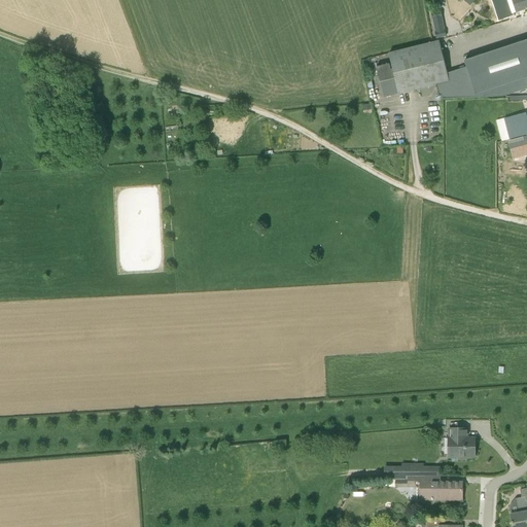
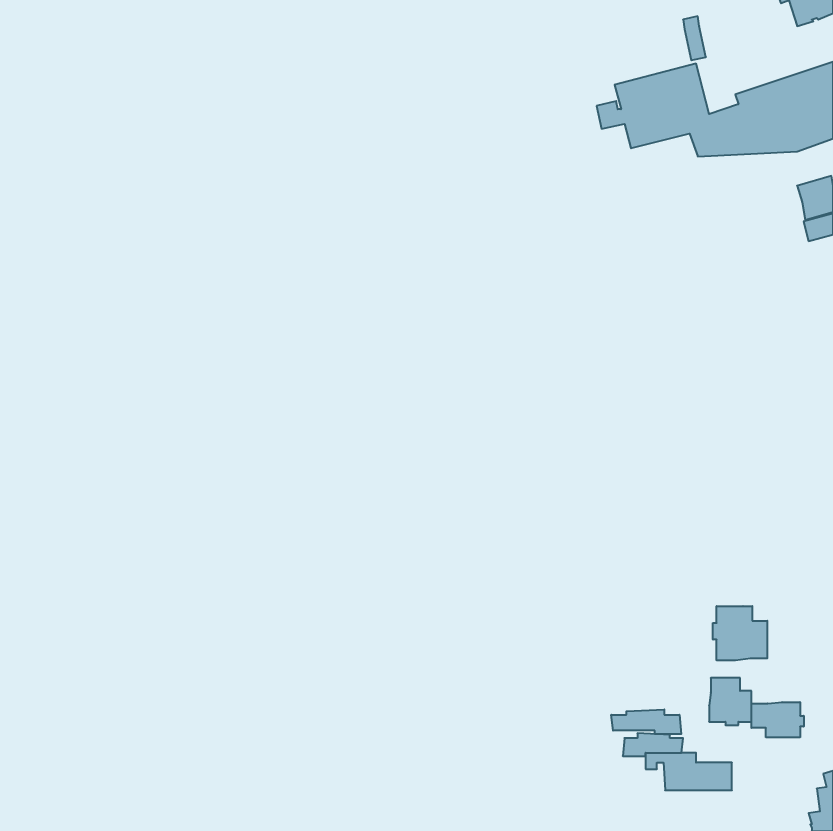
building: none -> [713,606,767,660]
building: none -> [751,702,804,737]
building: none -> [611,709,681,734]

